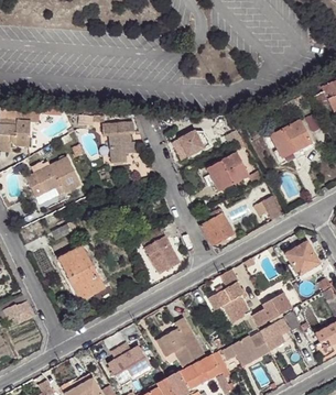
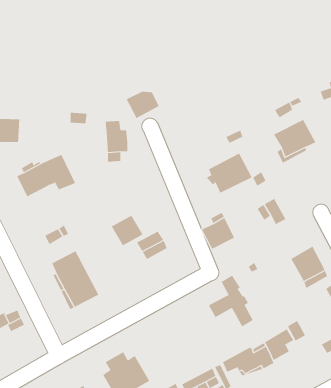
building: [180,130,212,156] -> [126,91,159,119]
building: [150,243,181,273] -> [111,215,143,246]
building: [253,292,293,327] -> none
building: [158,319,203,366] -> none

